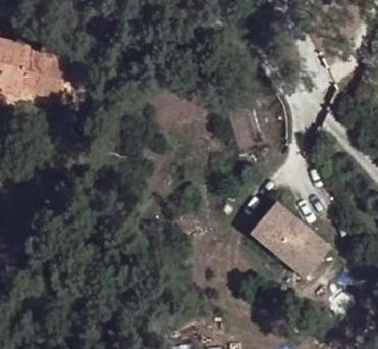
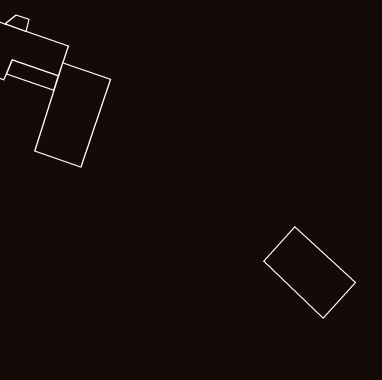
building: none -> [35,63,111,167]

